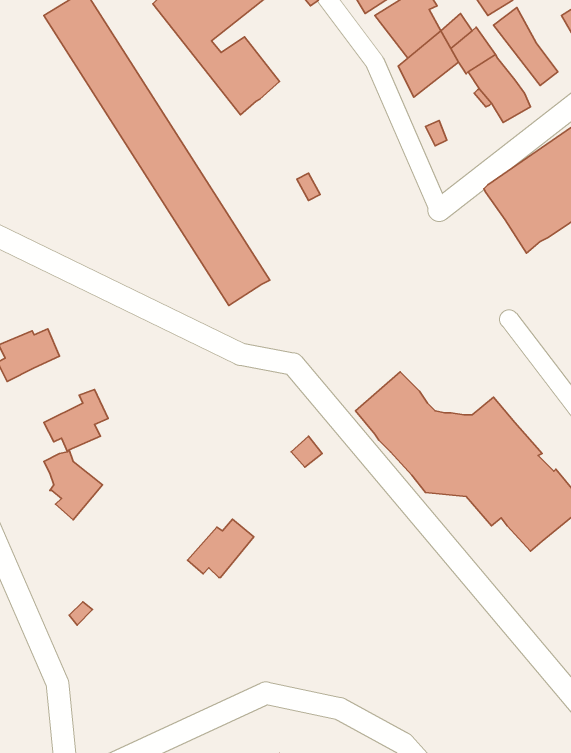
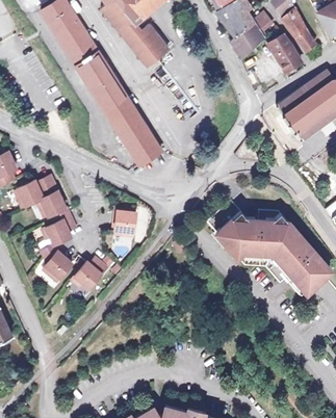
building: none -> [36,177,69,216]
building: none -> [114,211,136,236]
building: [188,519,254,578] -> [72,258,107,289]

